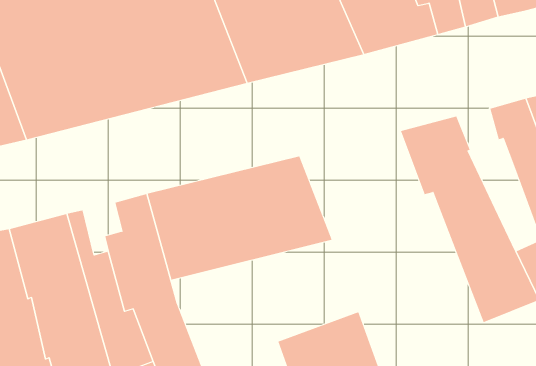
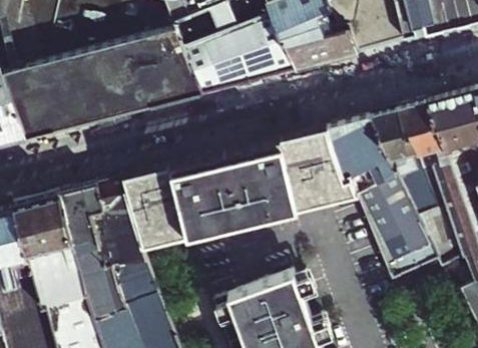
building: none -> [373,115,421,196]
building: none -> [248,133,360,221]
building: none -> [74,191,105,233]

